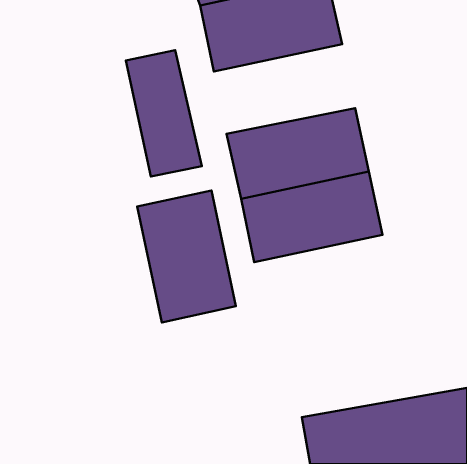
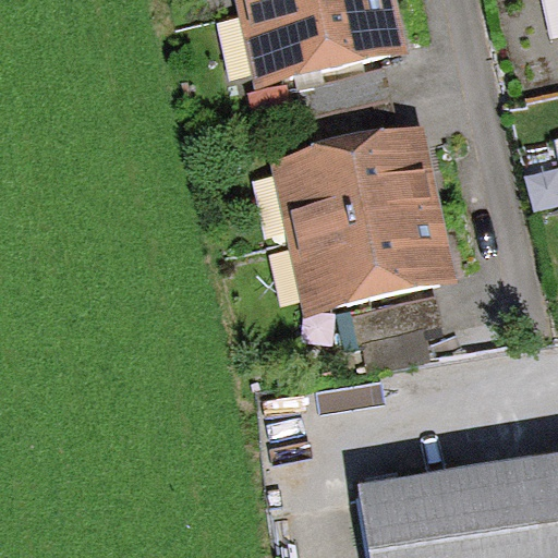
building: [126,50,202,177] -> none
building: [137,191,236,323] -> none

